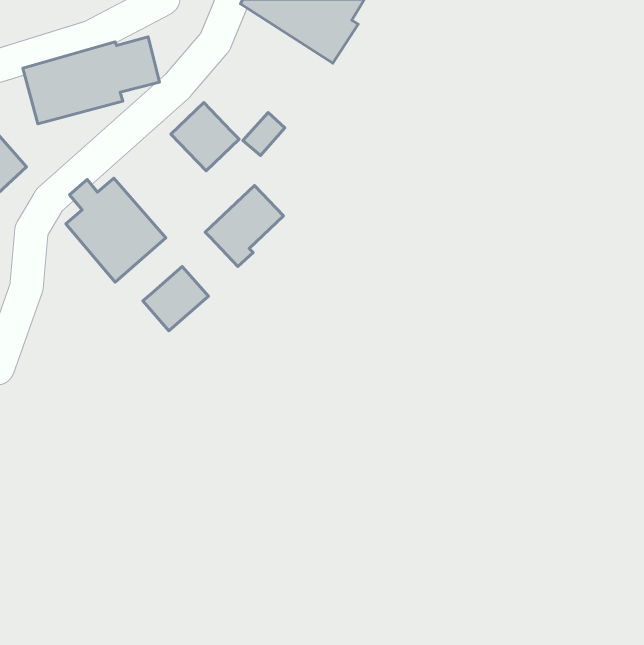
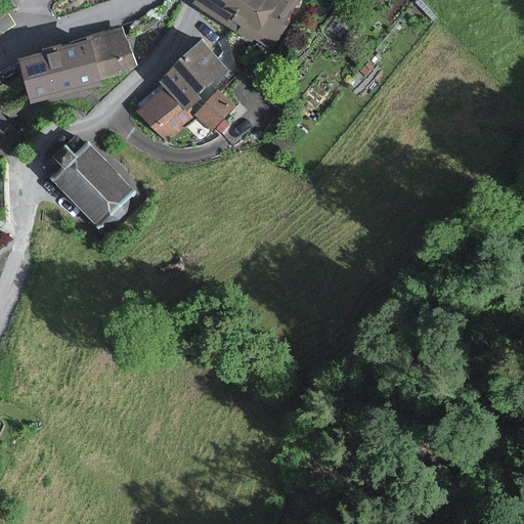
building: [205,185,283,266] -> [161,41,224,106]
building: [143,266,208,331] -> none

